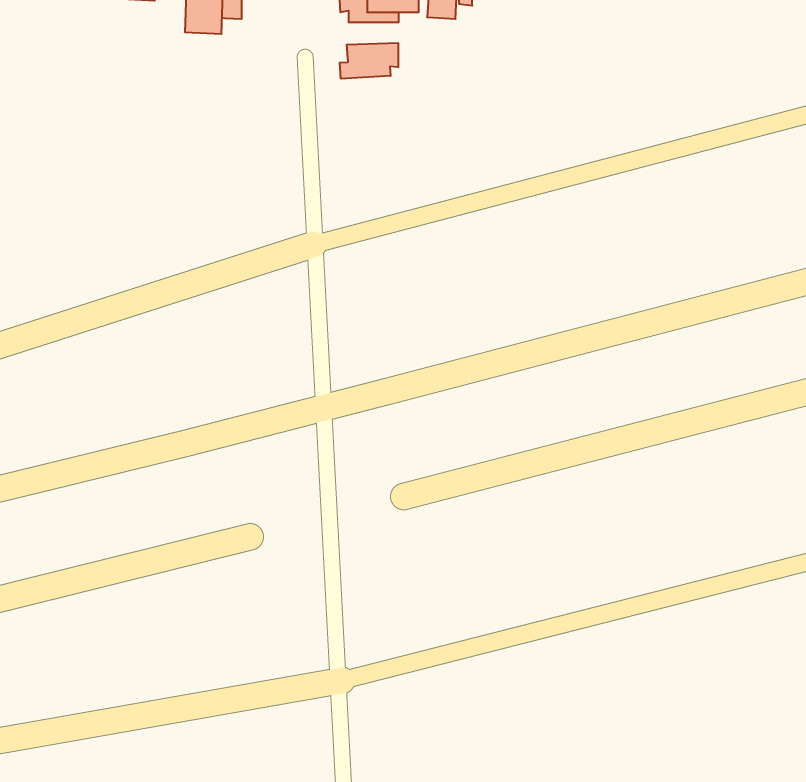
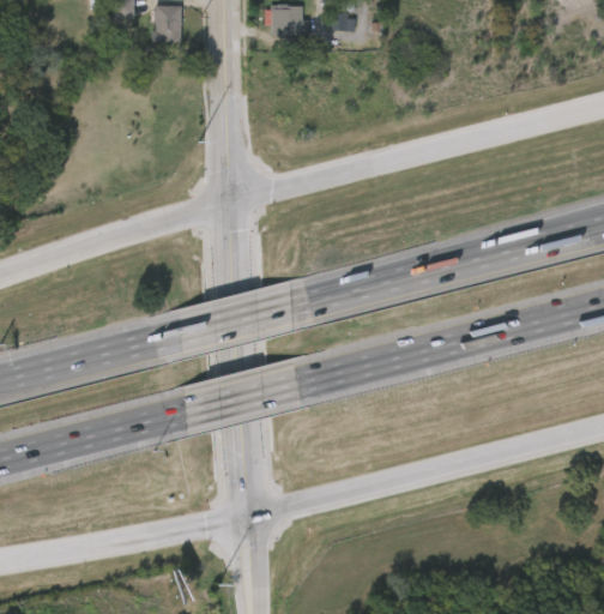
building: [340,43,398,79] -> none

